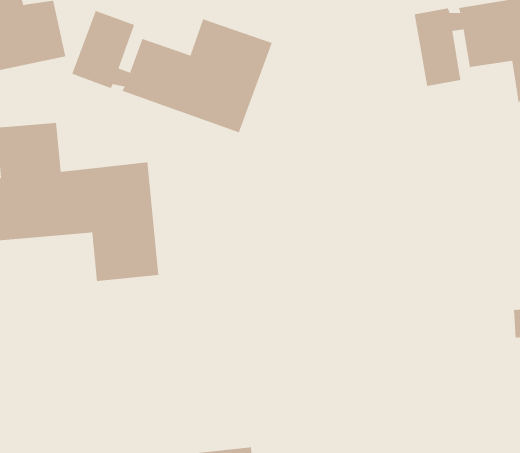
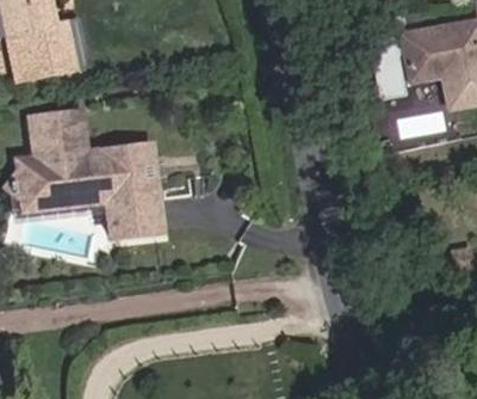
building: [72,10,272,133] -> none

